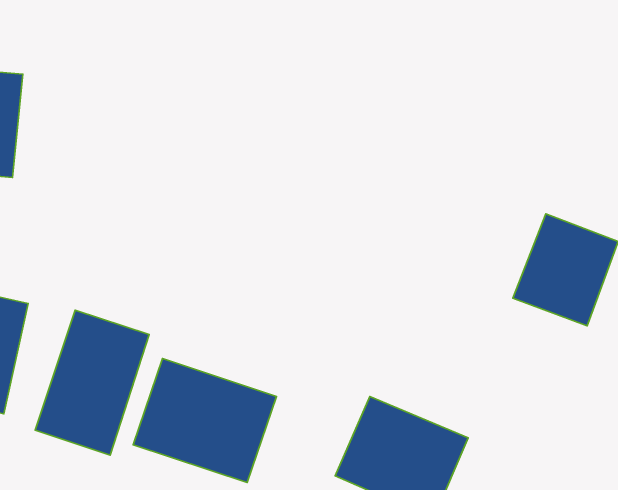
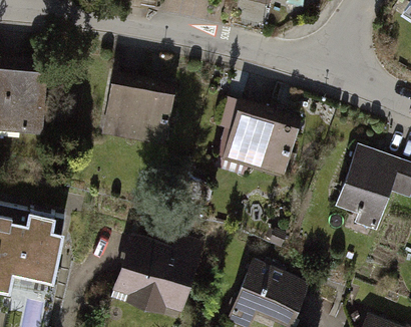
building: none -> [107,85,179,147]
building: none -> [229,114,296,177]
building: [35,310,149,455] -> none

